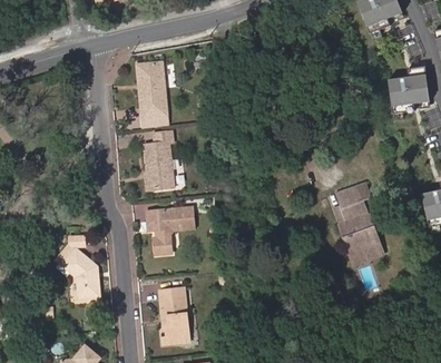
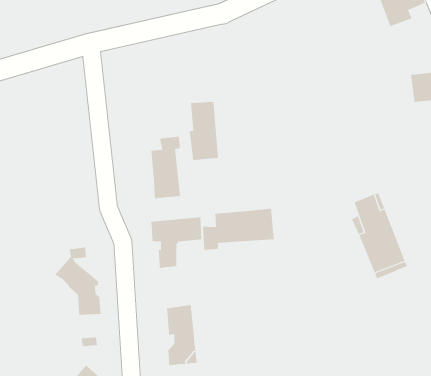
building: [139,65,167,119] -> [189,102,219,160]
building: none -> [202,208,274,250]

